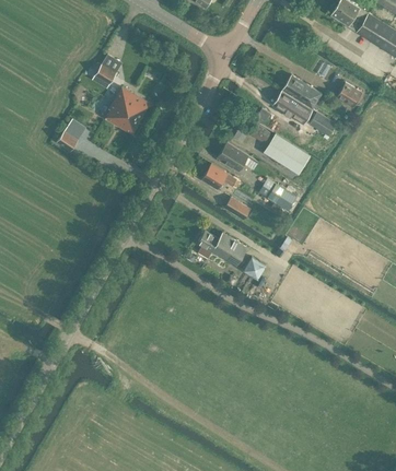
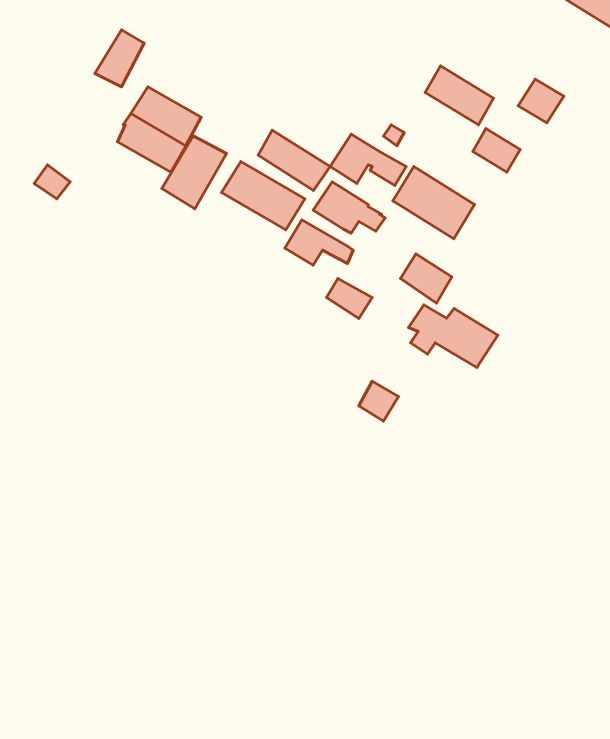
building: [272,91,313,125] -> none
building: none -> [258,130,330,191]
building: none -> [162,136,227,209]
building: none -> [222,161,305,230]
building: [197,231,248,267] -> [409,305,498,368]

